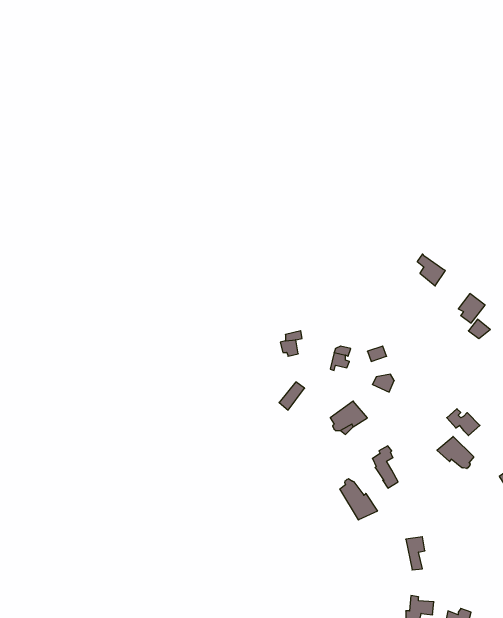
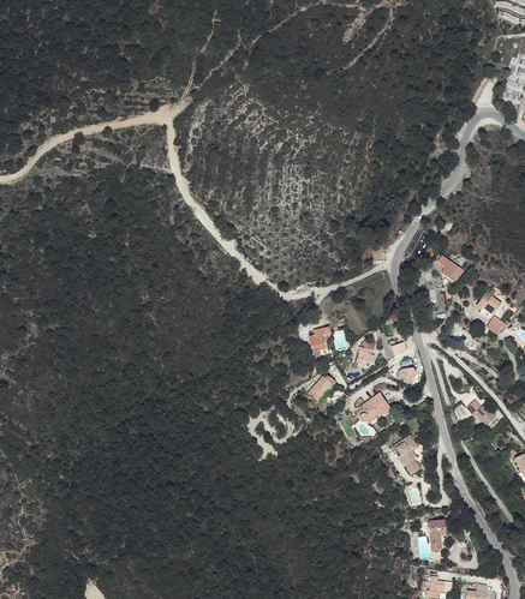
building: [437,436,474,469] -> none
building: [340,479,377,520] -> none

